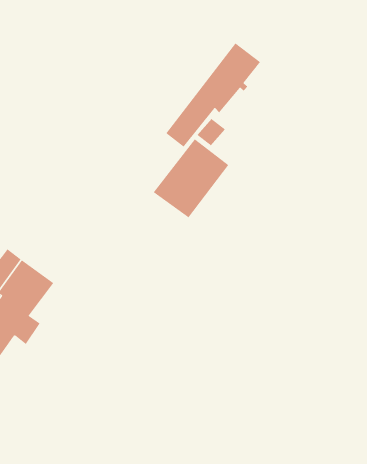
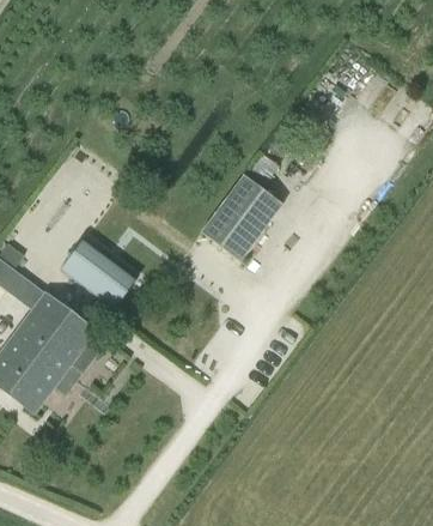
building: [166,43,261,147] -> none
building: none -> [61,238,134,306]

